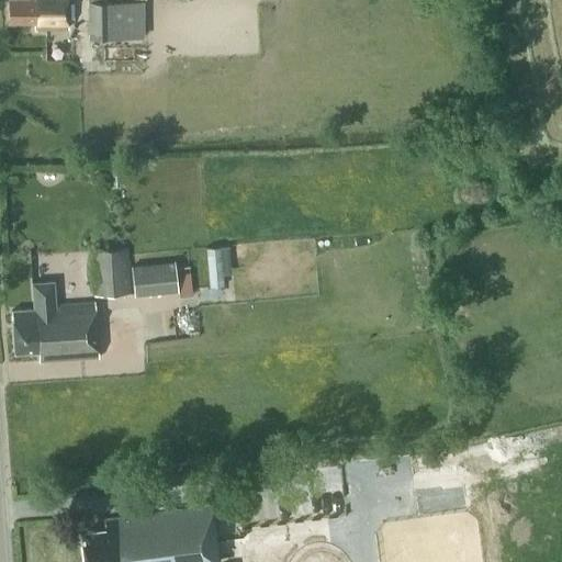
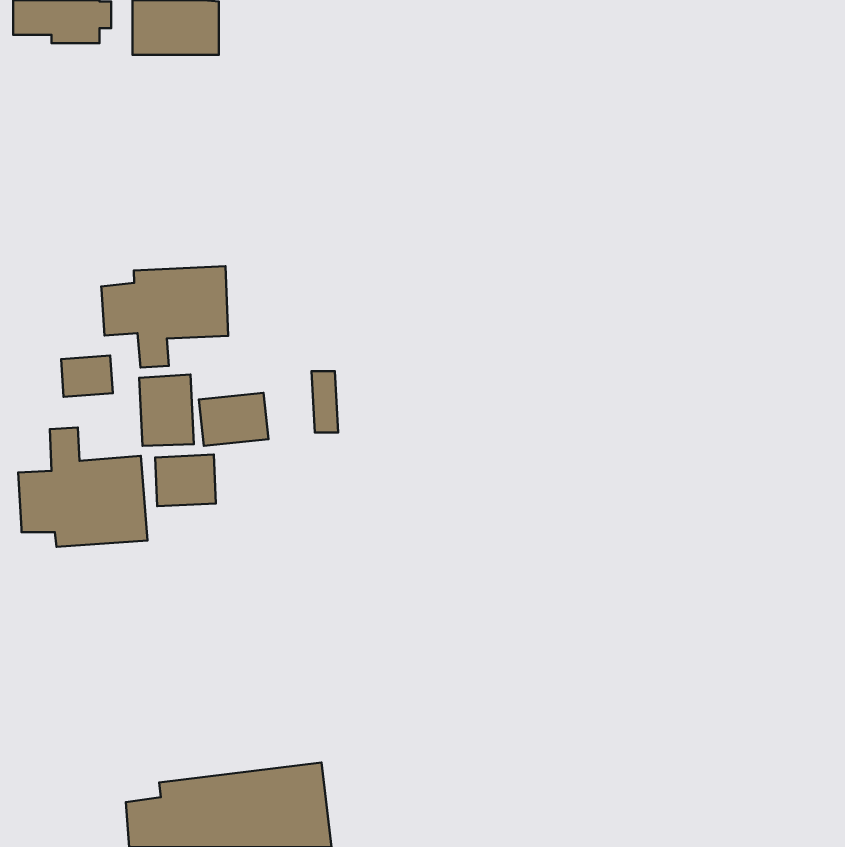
building: none -> [101,266,228,367]
building: none -> [61,356,113,397]
building: none -> [155,455,216,506]

